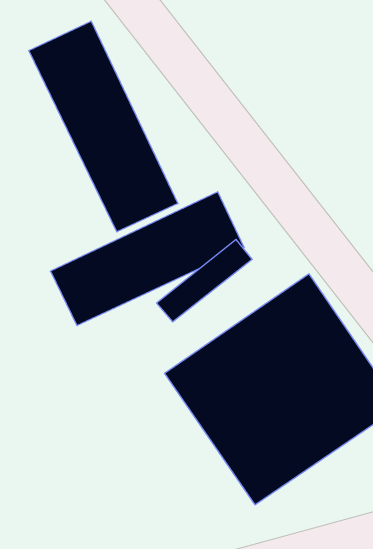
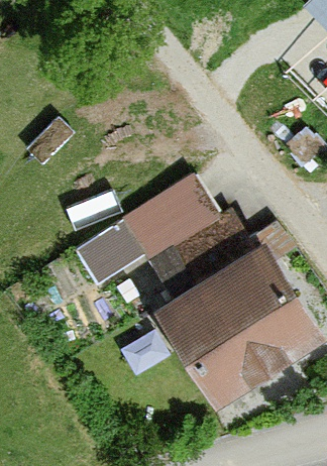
building: [29,21,178,232] -> none

